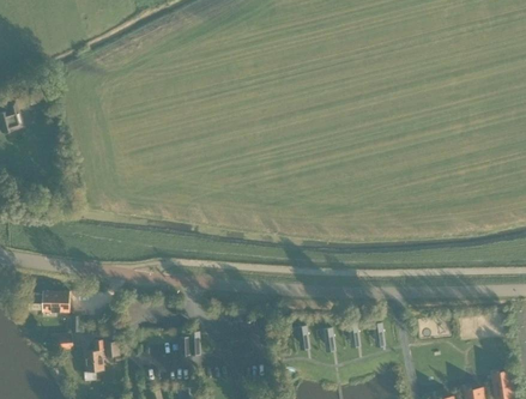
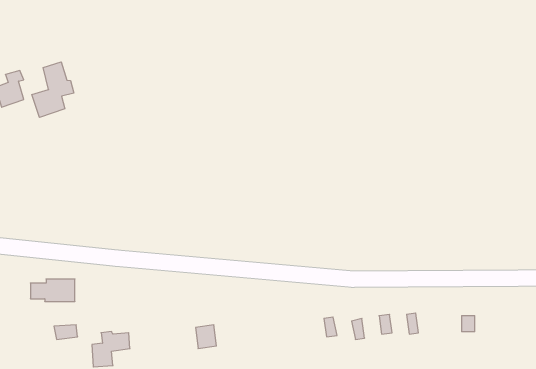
building: none -> [32,62,74,117]

